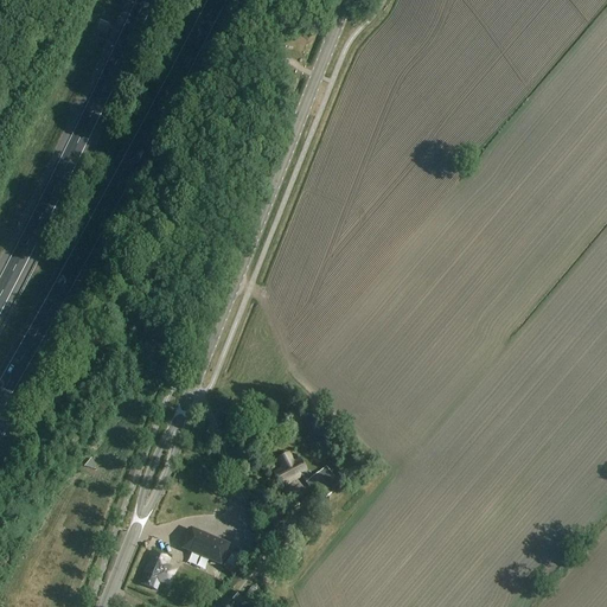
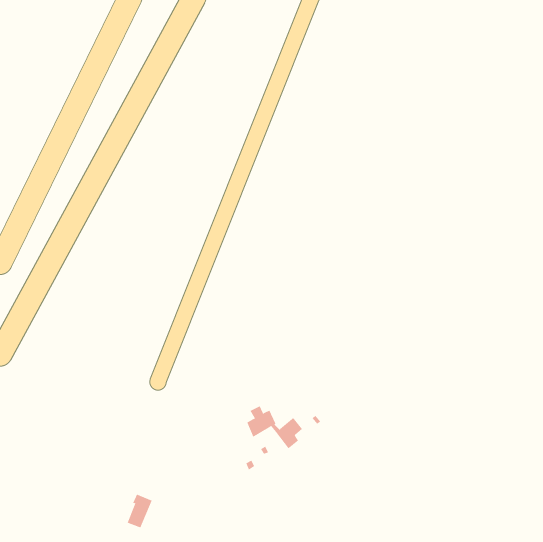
building: [181,526,229,562] -> none

